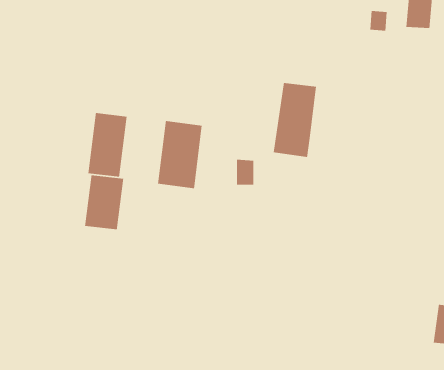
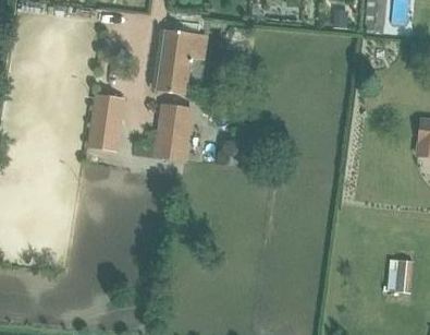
building: [273,83,317,158] -> [156,29,193,93]
building: [85,175,124,230] -> none

